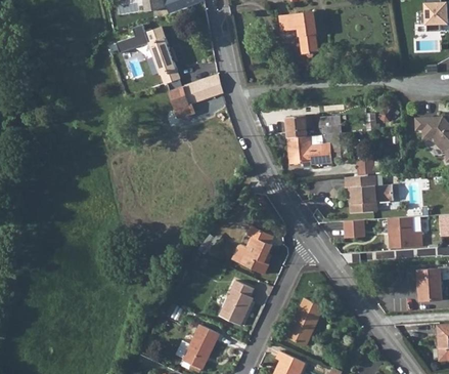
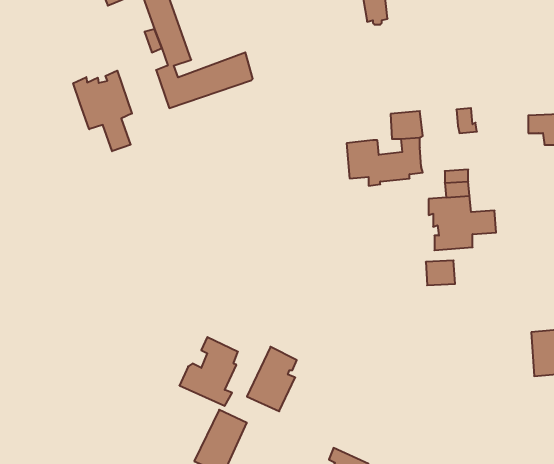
building: none -> [73,71,132,151]
building: [285,115,306,137] -> none
building: [389,216,421,247] -> none
building: [231,225,272,274] -> [179,337,238,406]
building: [285,297,323,345] -> none

